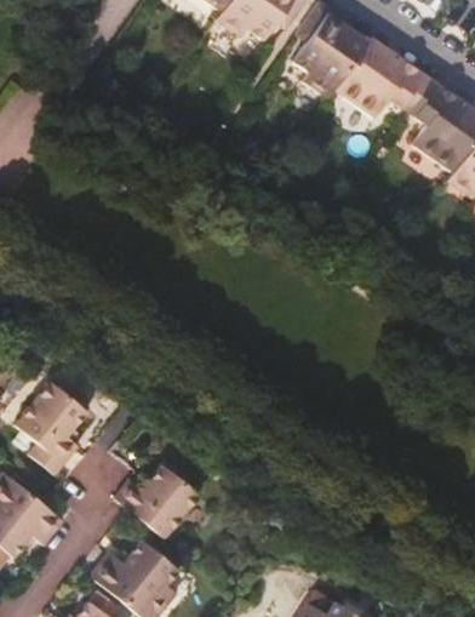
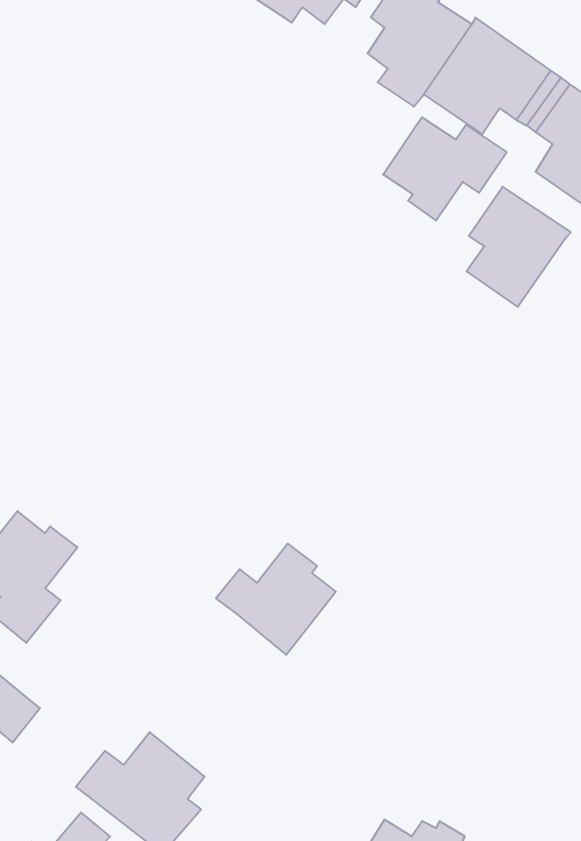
building: none -> [383,117,507,221]
building: none -> [467,187,571,307]
building: [113,461,198,539] -> [216,544,336,655]

